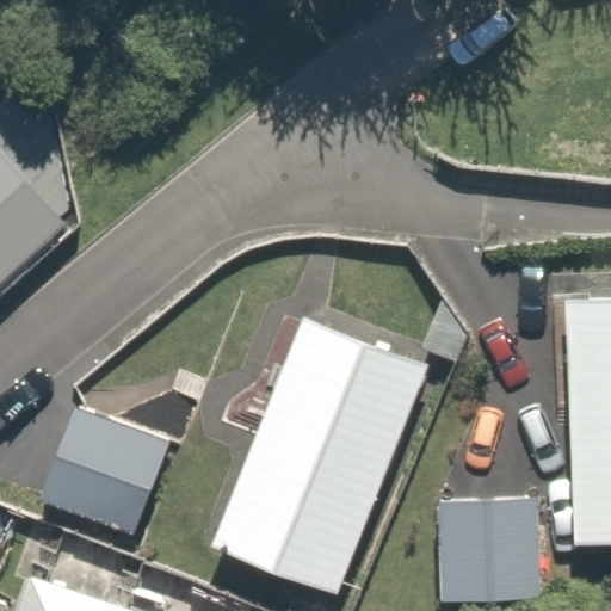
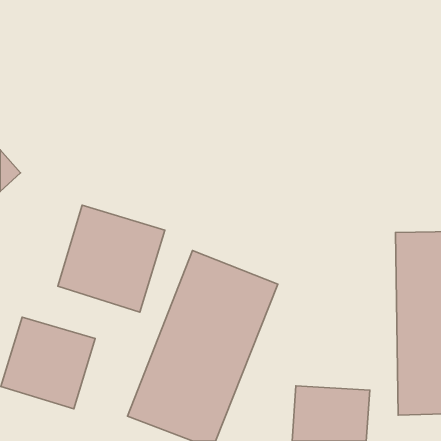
building: none -> [58,205,165,312]

